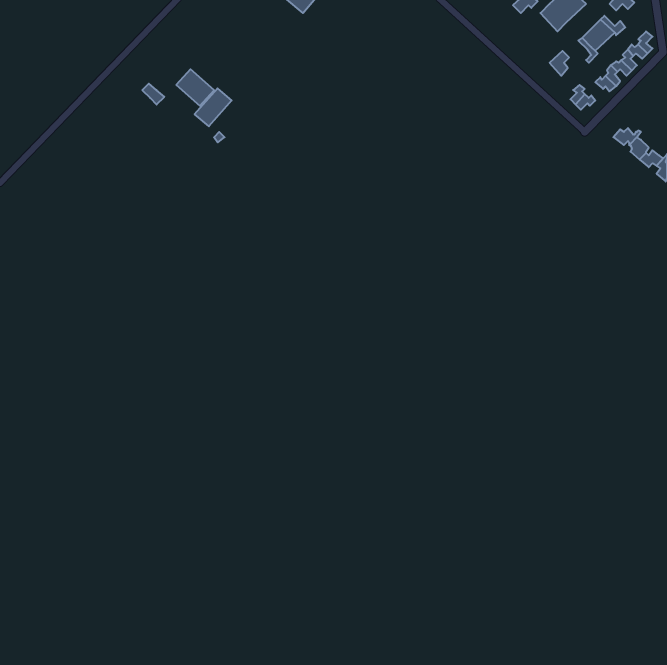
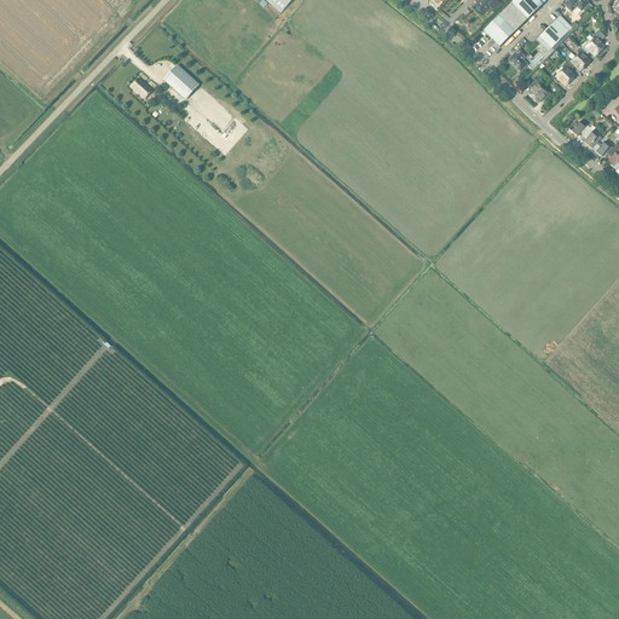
building: none -> [484,12,516,46]
building: [195,88,232,126] -> none

